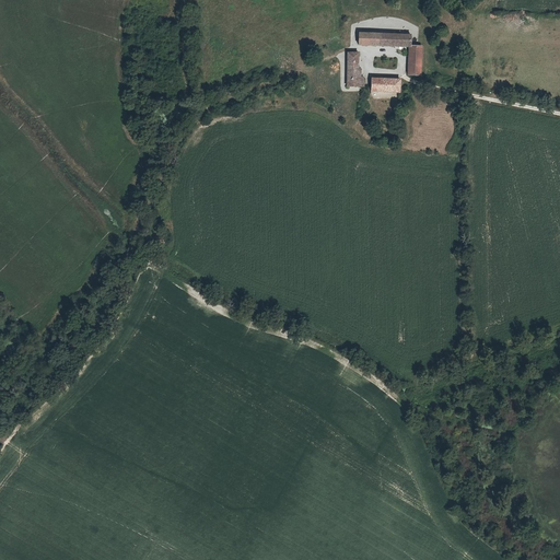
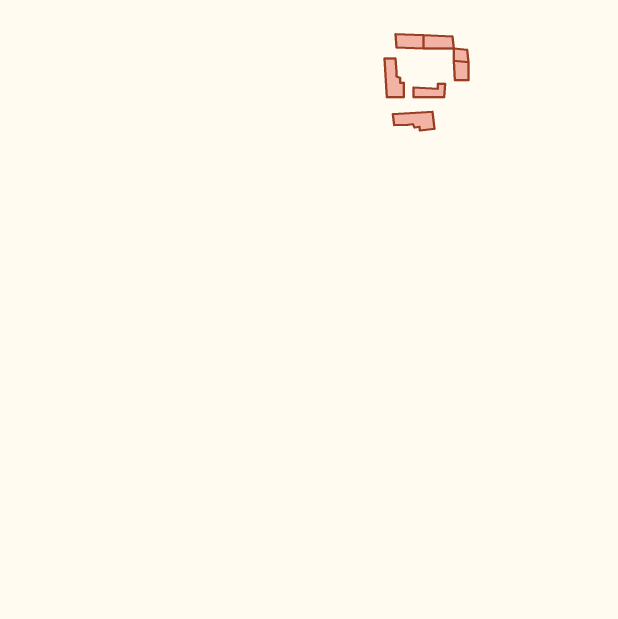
building: none -> [393,112,435,131]

